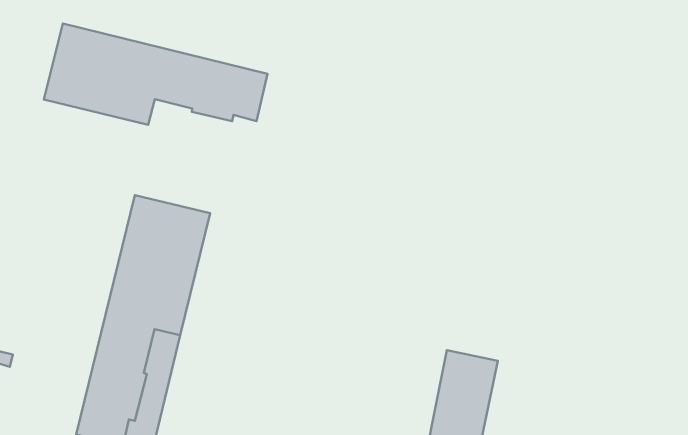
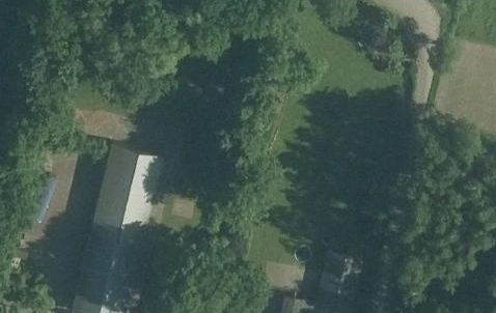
building: [44,24,268,125] -> none

